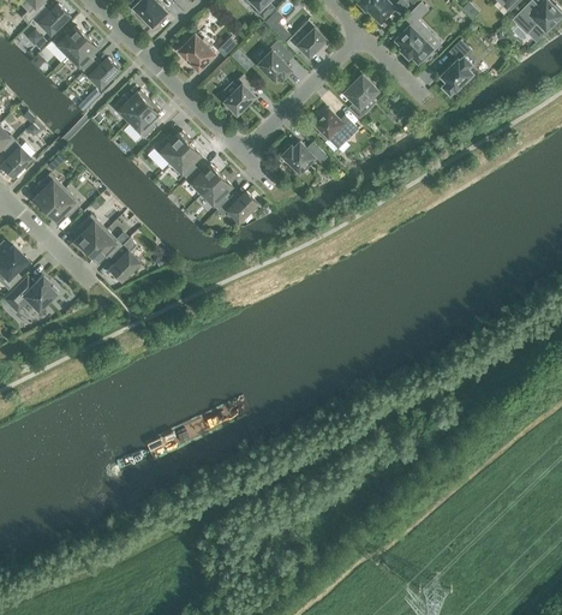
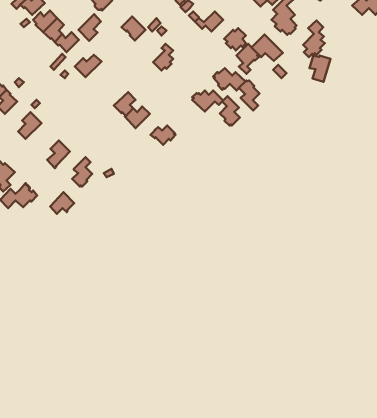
building: [259,48,291,80] -> [224,28,246,51]
building: none -> [252,34,283,61]
building: none -> [310,56,330,82]
building: [128,100,161,138] -> [78,14,101,41]
building: none -> [239,80,260,111]
building: [154,131,193,163] -> none
building: none -> [220,96,240,126]
building: [201,175,232,210] -> none
building: [42,189,80,221] -> none
building: [86,229,121,261] -> [50,192,74,214]

